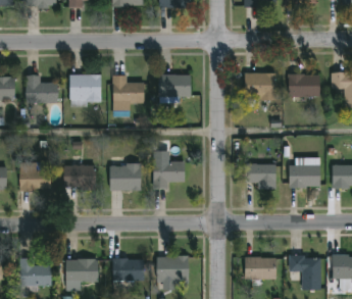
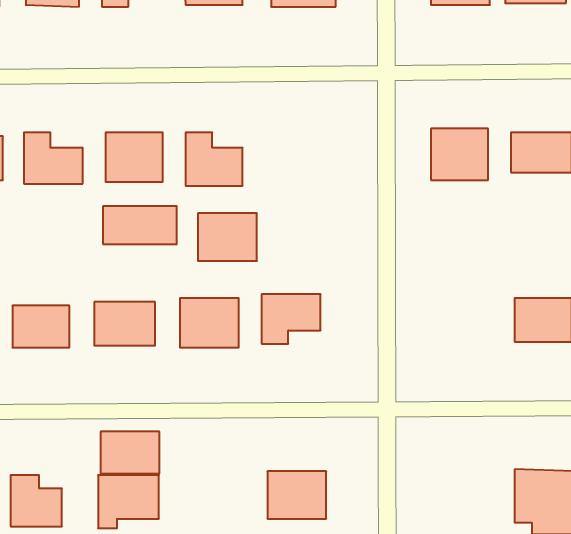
building: [159,74,191,100] -> [198,213,257,261]
building: none -> [103,206,177,244]
building: [245,164,275,187] -> none
building: [246,257,275,280] -> none
building: [112,258,144,281] -> [101,432,159,474]

